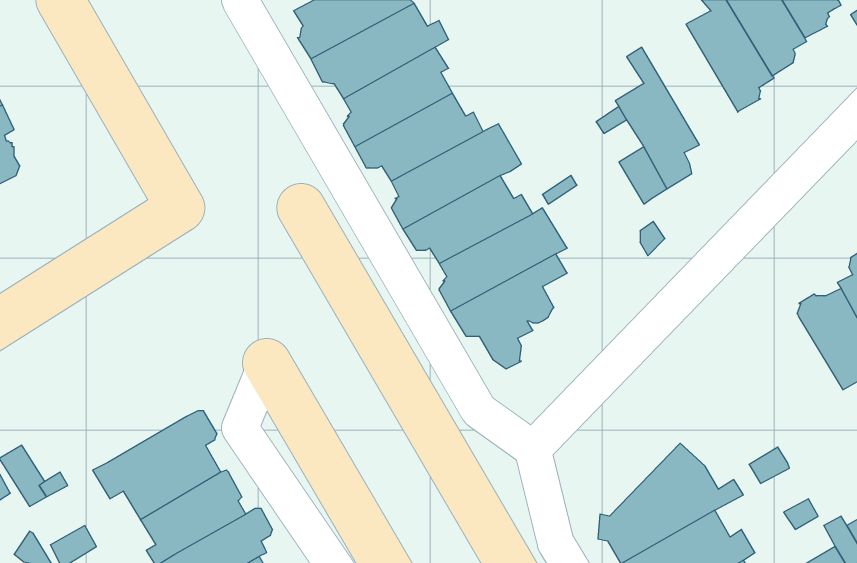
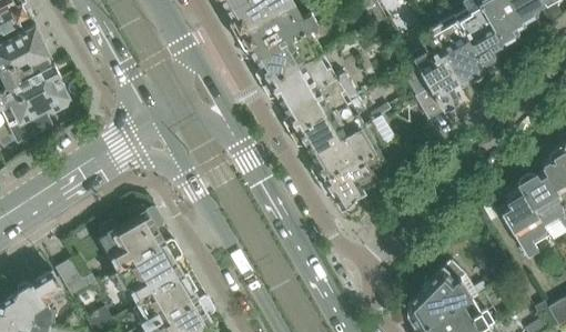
building: none -> [428,17,484,87]
building: none -> [498,187,548,256]
building: none -> [98,210,164,271]

